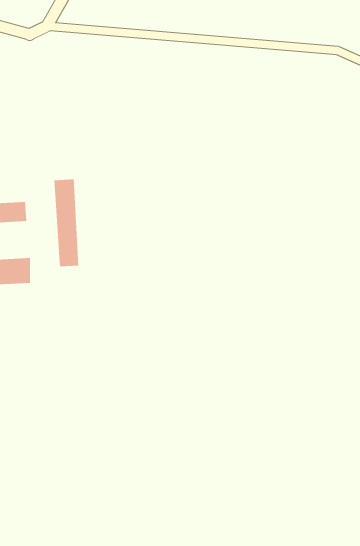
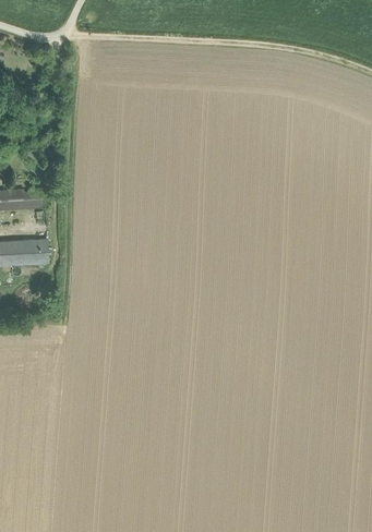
building: [54,179,79,267] -> none

